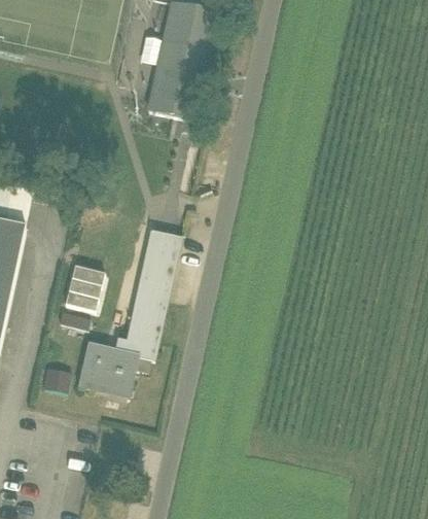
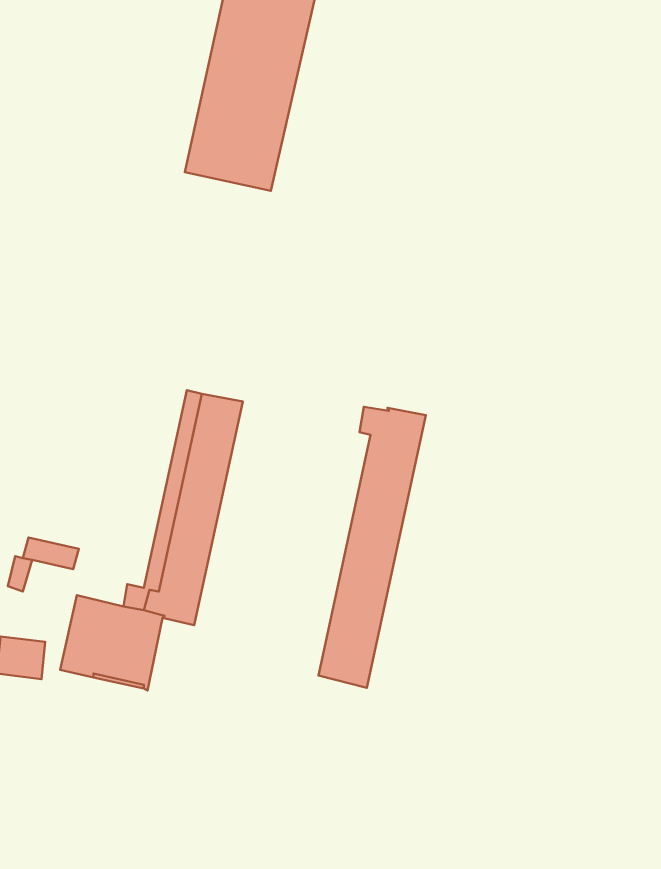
building: none -> [318,407,426,688]
building: [63,269,102,315] -> none

